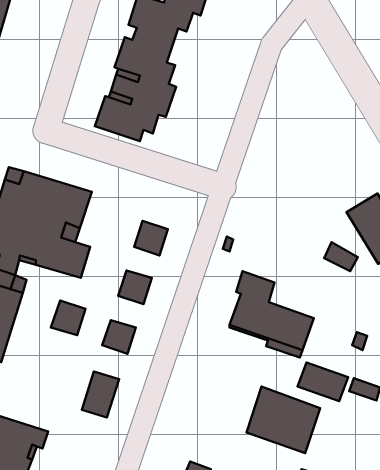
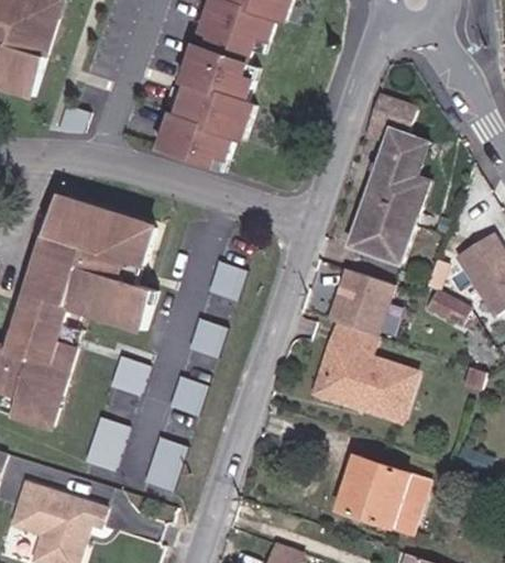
building: none -> [352,92,430,260]
building: none -> [336,265,399,328]
building: none -> [83,417,128,472]
building: [298,363,348,401] -> none

